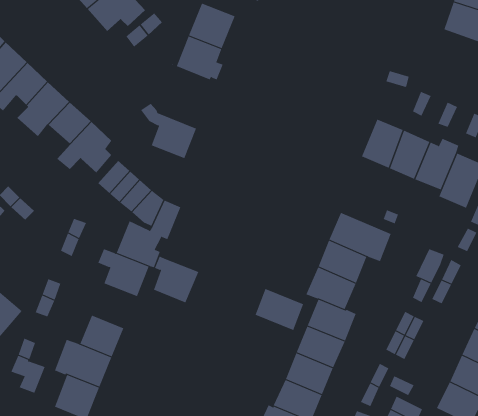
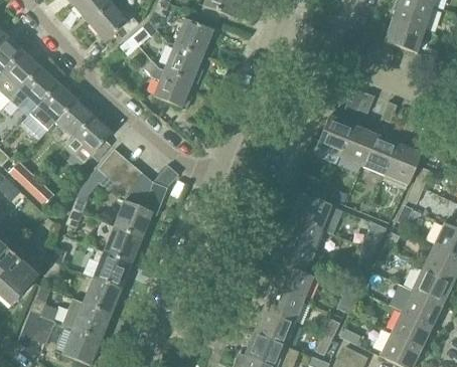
building: [140,103,197,159] -> [145,61,192,108]
building: [153,256,199,303] -> [94,249,132,289]
building: [255,288,304,331] -> none

